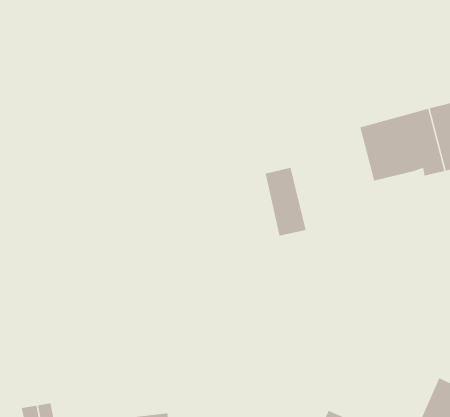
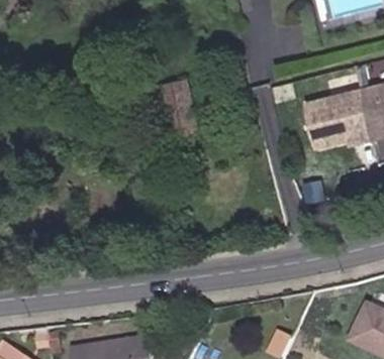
building: [265,167,306,236] -> [163,81,196,136]

